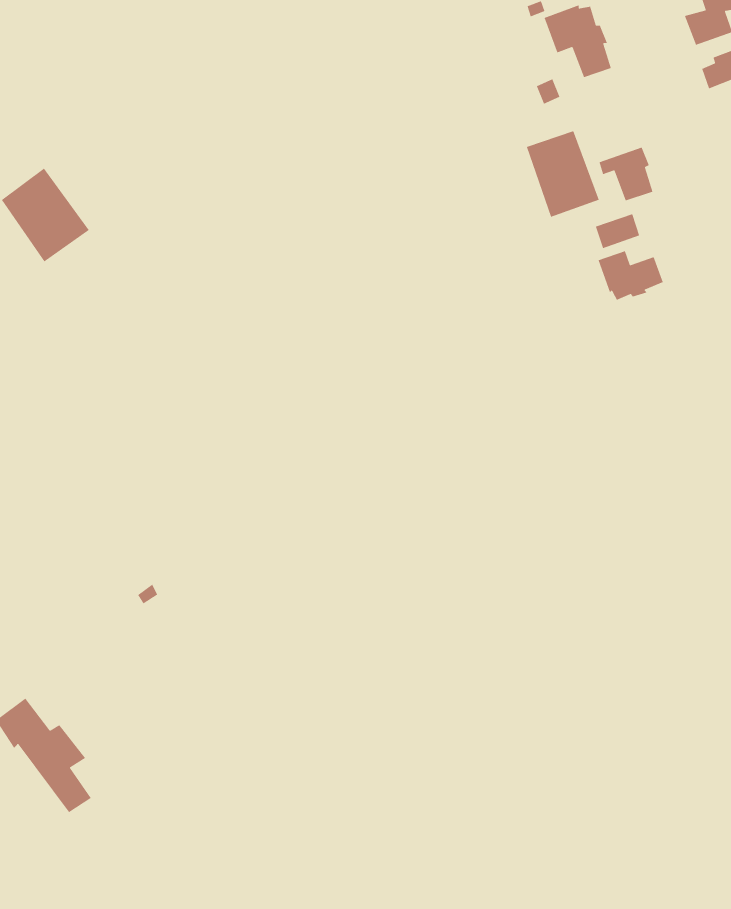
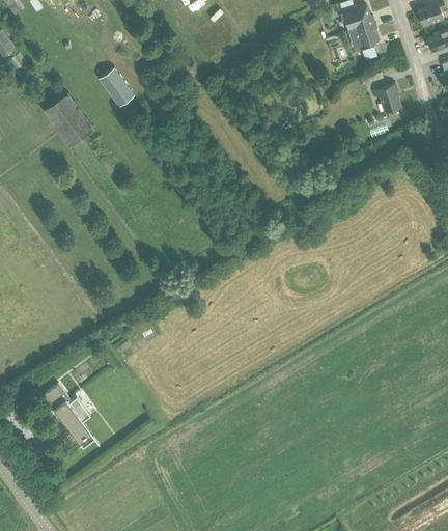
building: none -> [97,67,134,106]
building: [526,130,600,218] -> none
building: [598,250,664,301] -> none

